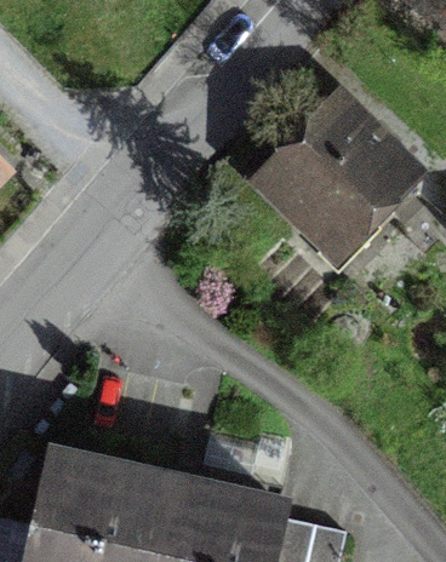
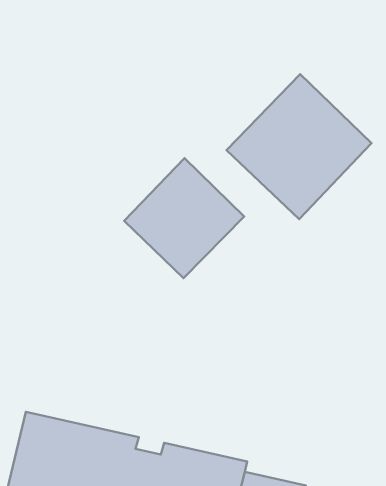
building: none -> [124,158,244,278]

